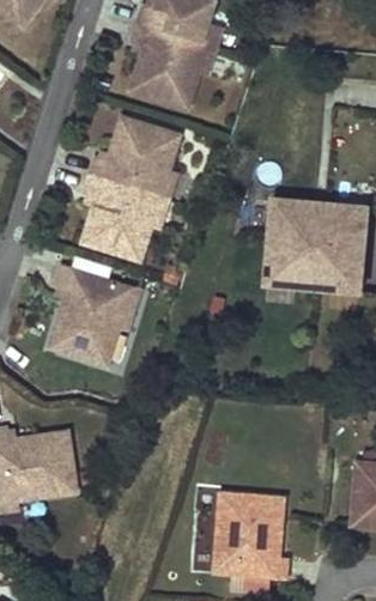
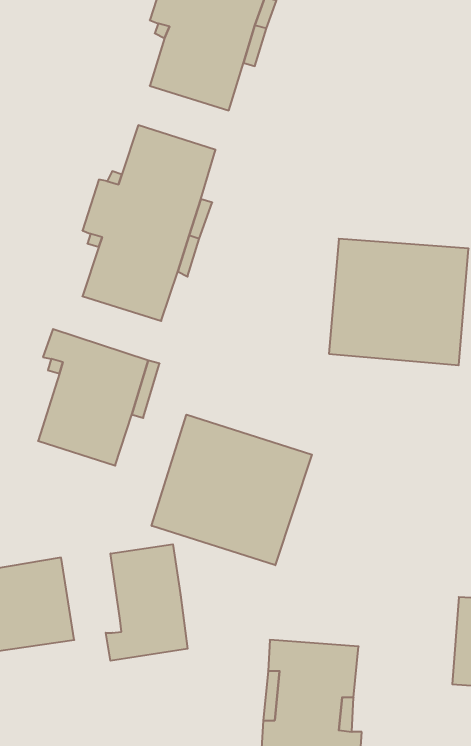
building: none -> [152,415,312,565]
building: none -> [106,544,188,661]

